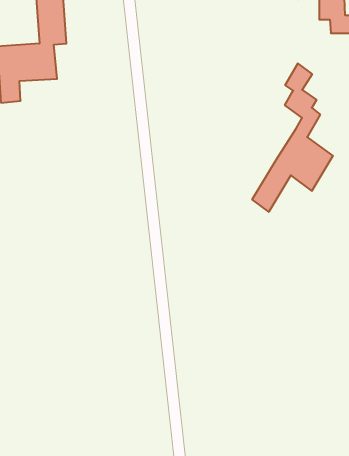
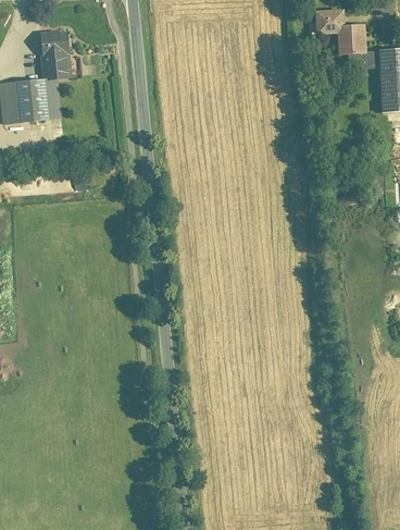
building: [252,63,333,212] -> none

